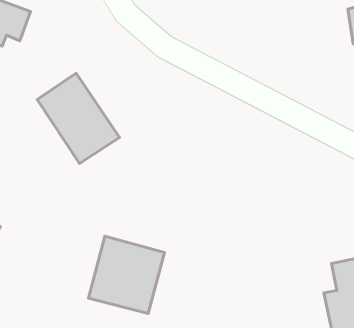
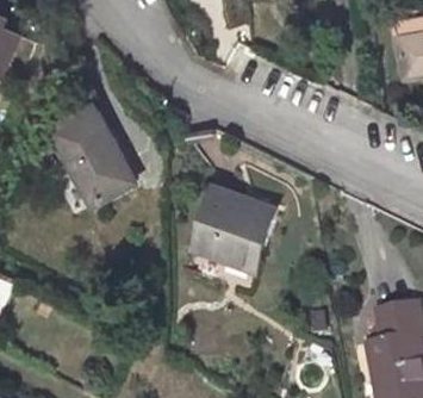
building: [88,236,164,313] -> [185,191,268,275]

